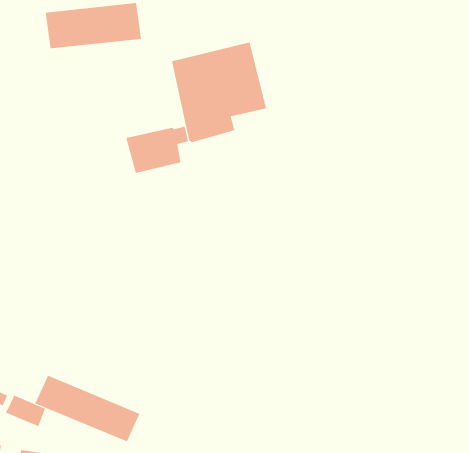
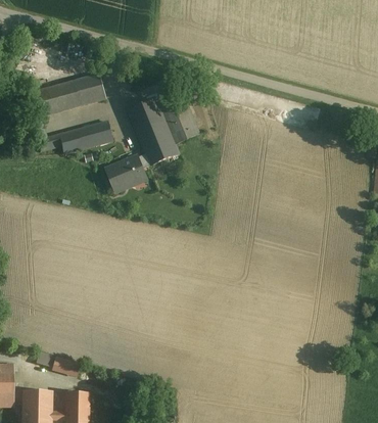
building: none -> [33,119,113,152]
building: [35,375,140,442] -> none

